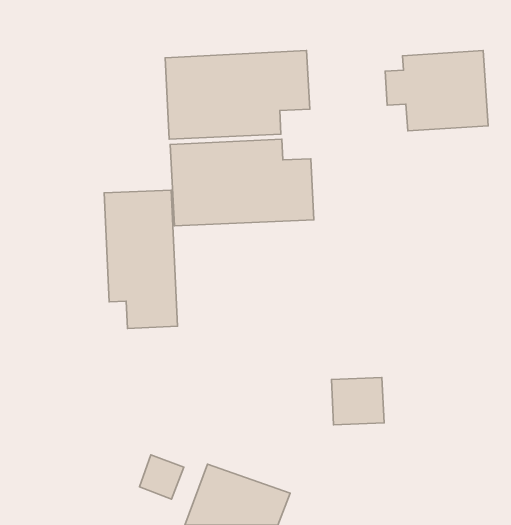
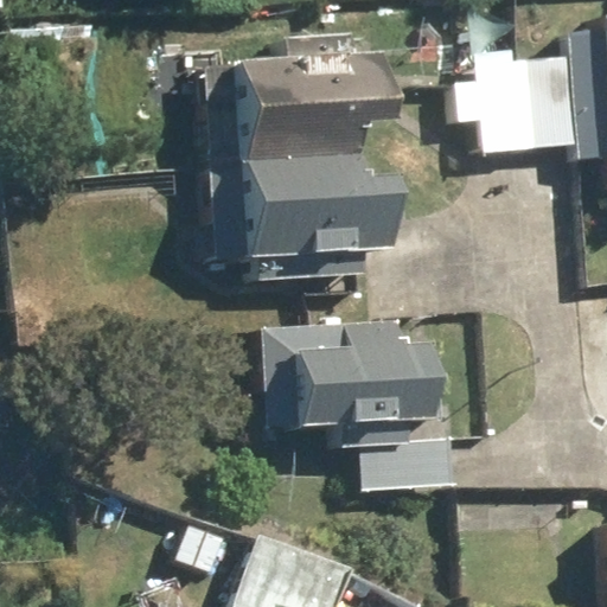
building: [104,190,178,328] -> none
building: none -> [261,318,451,432]

